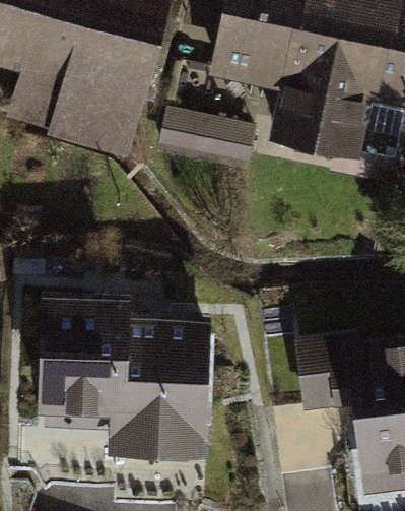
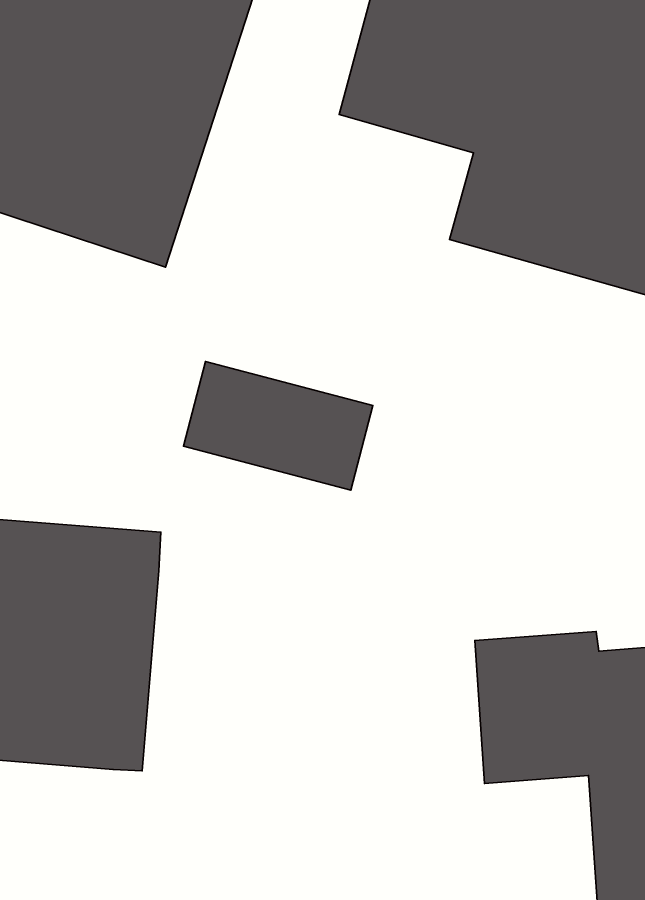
building: [159,109,257,172] -> [184,361,373,490]
building: [109,314,209,459] -> none

